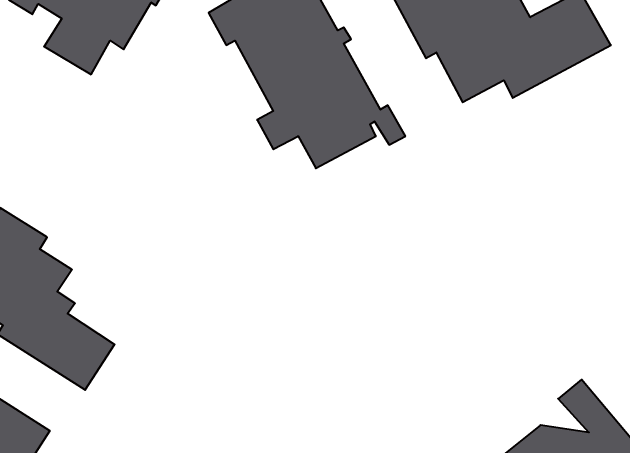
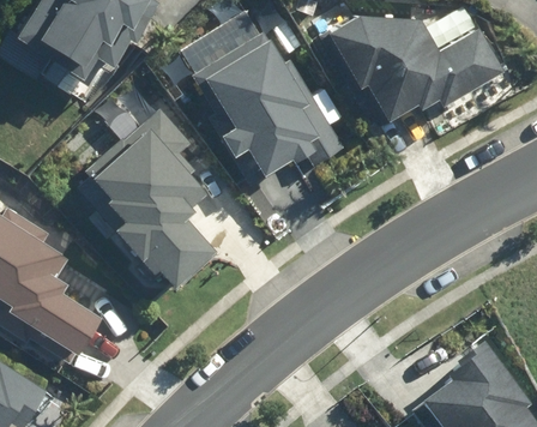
building: none -> [85,108,216,290]

